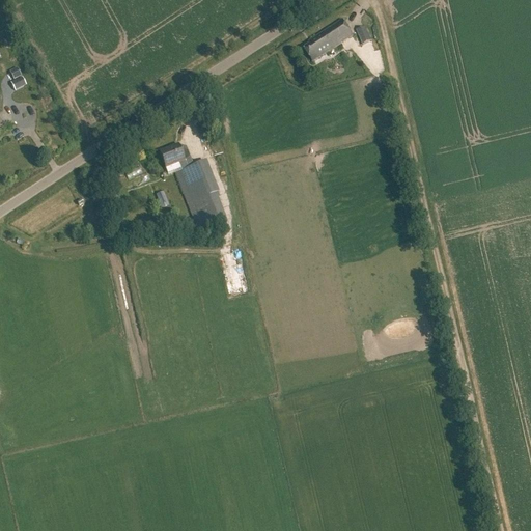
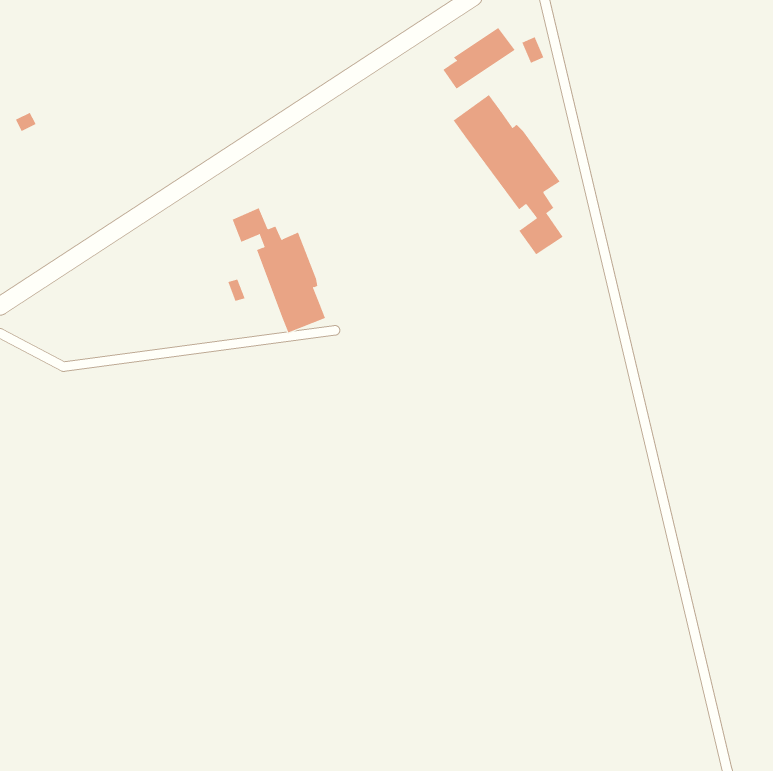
building: none -> [453,94,563,255]

